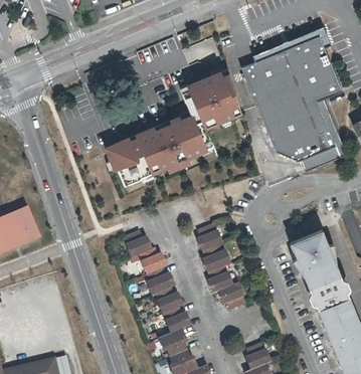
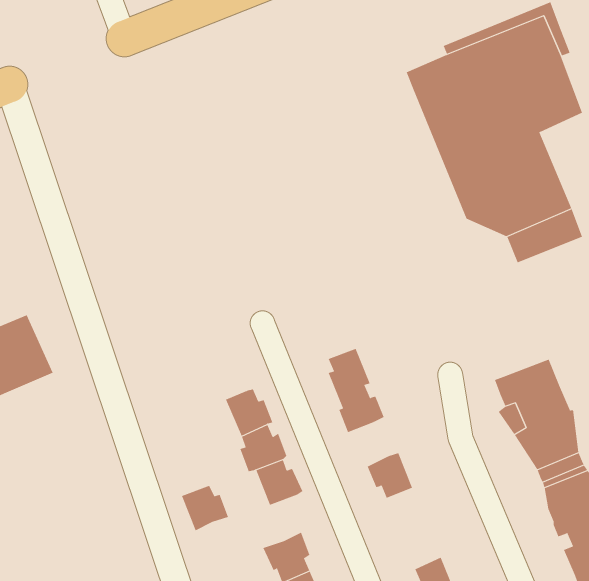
building: [105,71,245,188] -> none
building: [124,228,151,254] -> none
building: [208,264,231,292] -> none
building: [164,306,191,332] -> [181,485,229,531]

